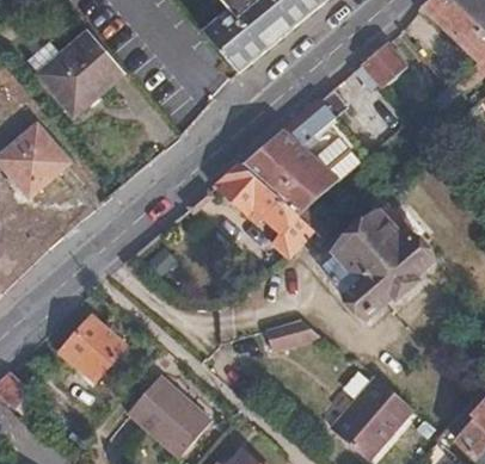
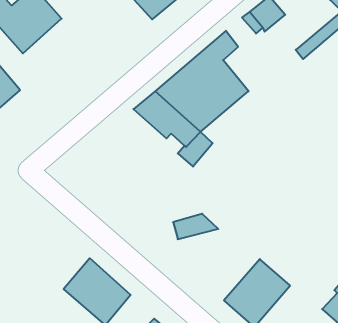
building: [318,202,432,317] -> none
building: [57,314,124,381] -> none

